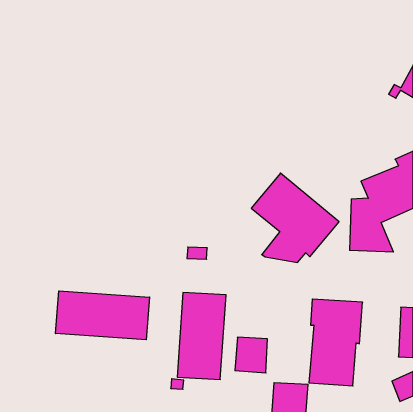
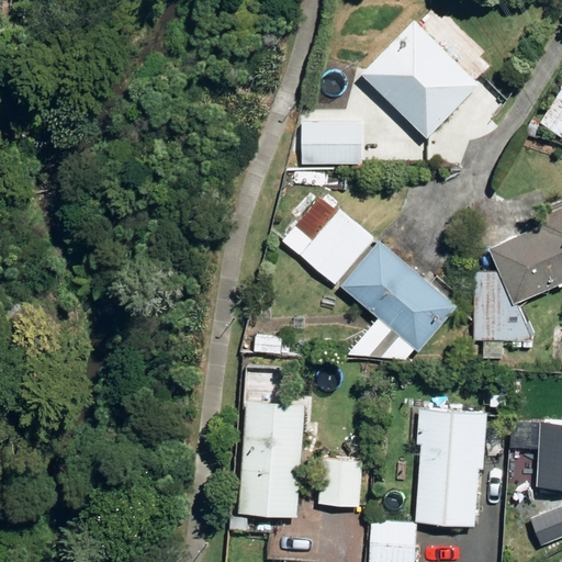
building: none -> [361,18,480,137]
building: none -> [301,124,361,166]
building: none -> [282,199,373,286]
building: [56,291,150,340] -> none

